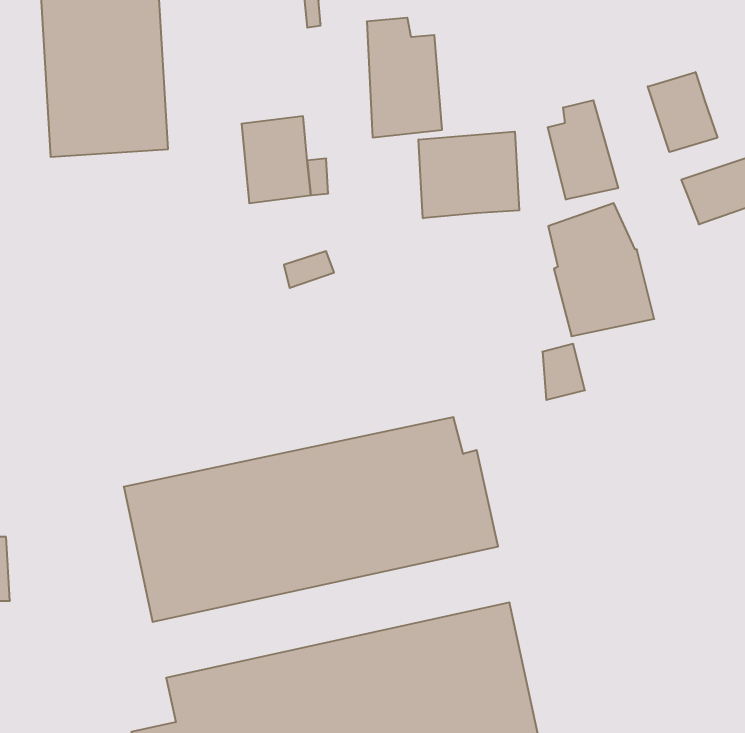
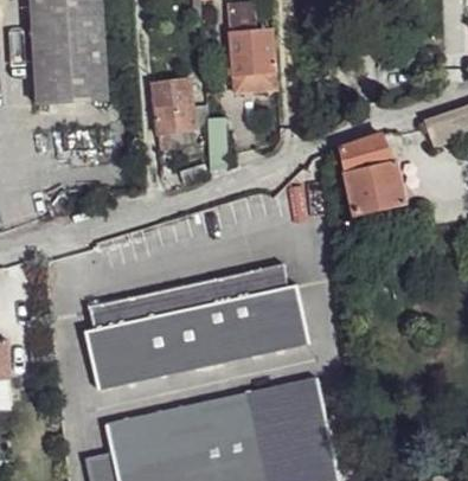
building: [648,72,717,152] -> none
building: [548,100,618,200] -> none
building: [419,132,519,218] -> none

